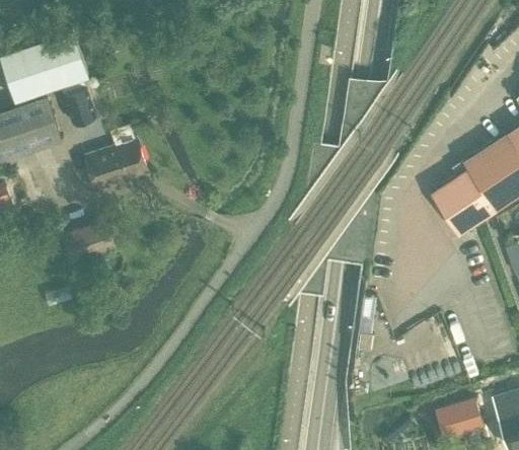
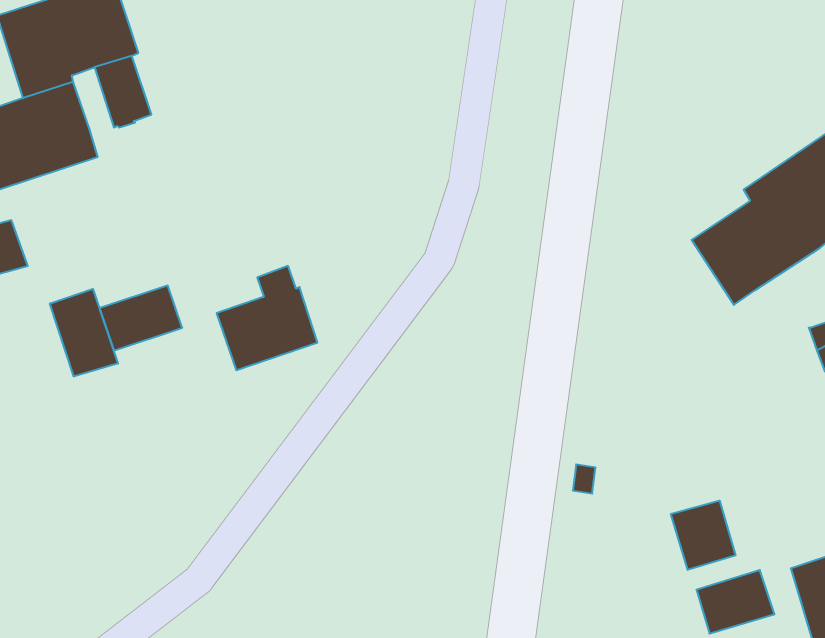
building: [84,126,147,191] -> [217,266,317,370]
building: none -> [50,289,118,377]
building: none -> [671,501,736,570]

